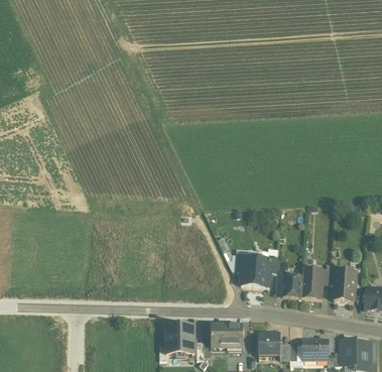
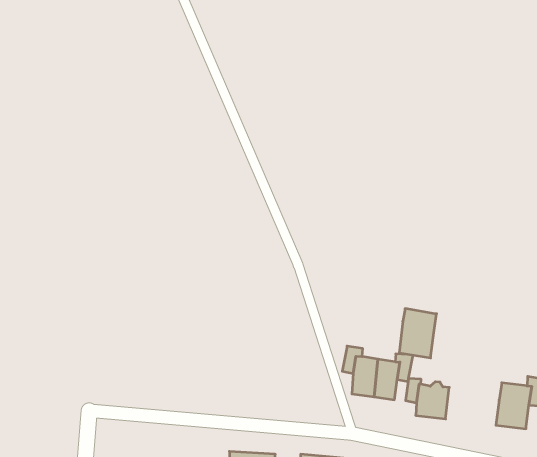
building: [301,268,324,298] -> [399,309,437,358]

